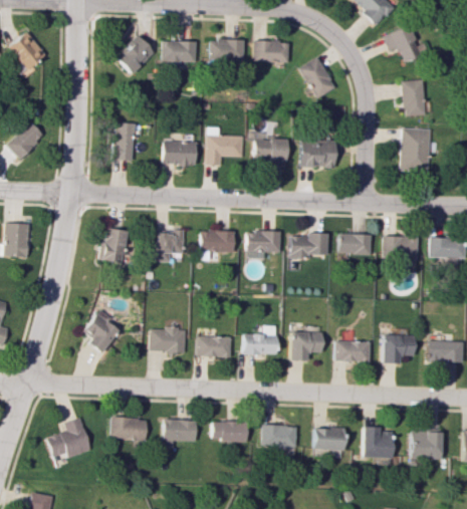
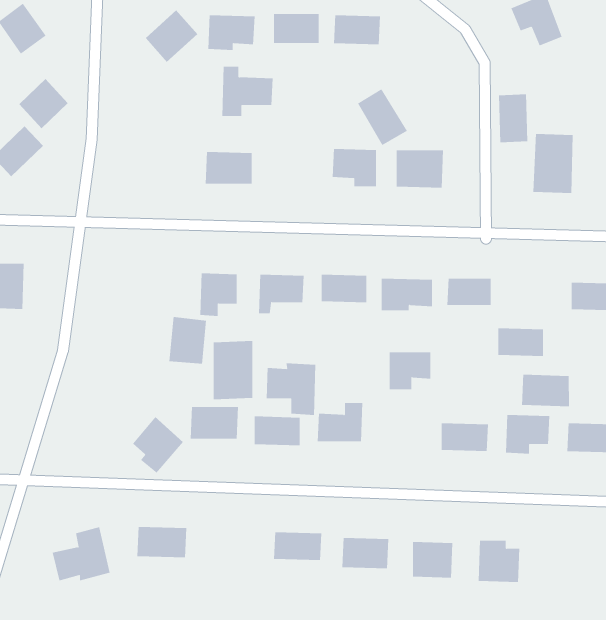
building: [300,56,337,98] -> [357,89,408,146]
building: [404,79,426,115] -> [498,94,528,143]
building: none -> [18,78,69,129]
building: [111,122,134,161] -> none
building: [206,128,244,165] -> [222,66,273,116]
building: [100,228,129,263] -> [169,316,207,364]
building: [384,236,418,257] -> [497,328,544,357]
building: none -> [213,340,253,400]
building: none -> [266,363,316,416]
building: none -> [522,374,569,407]
building: [83,310,122,352] -> [132,416,184,474]
building: [290,332,321,360] -> [389,352,431,390]
building: [164,419,197,448] -> none
building: [410,431,441,459] -> none

